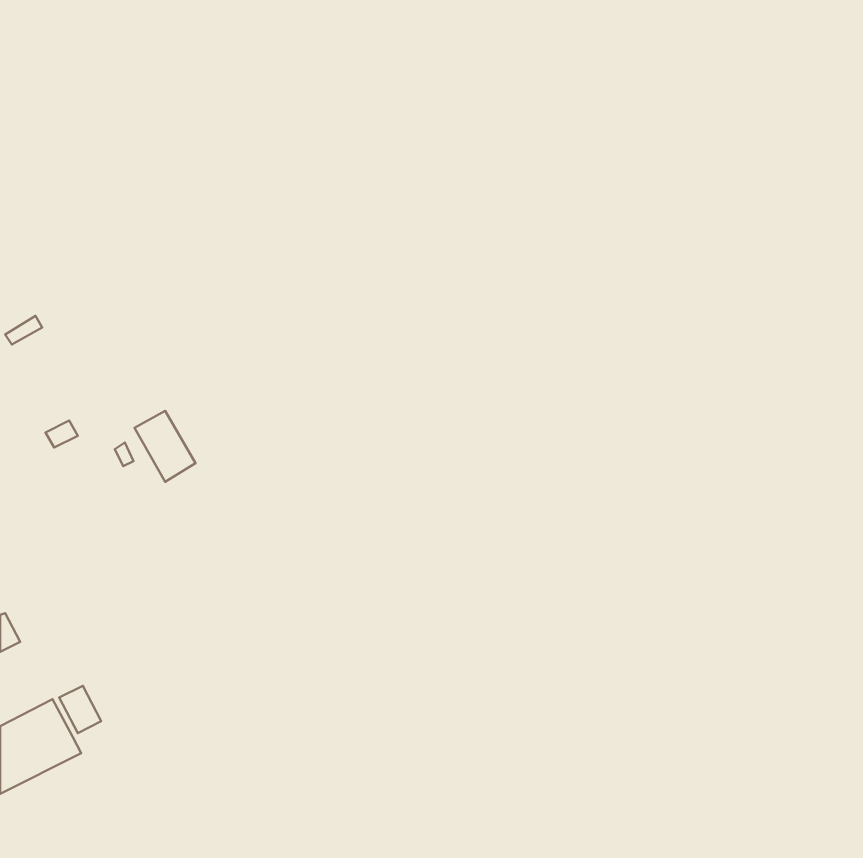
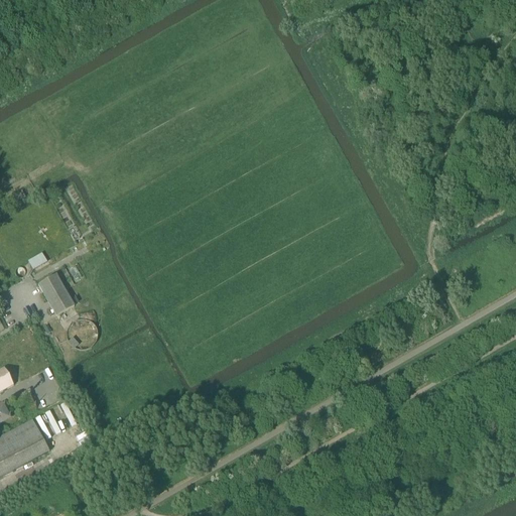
building: [135,411,195,482] -> [37,272,74,314]

